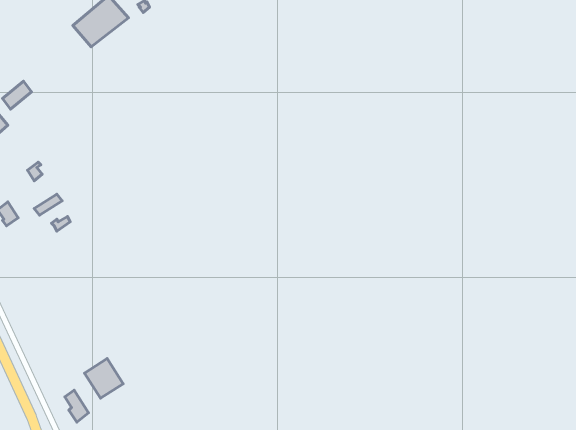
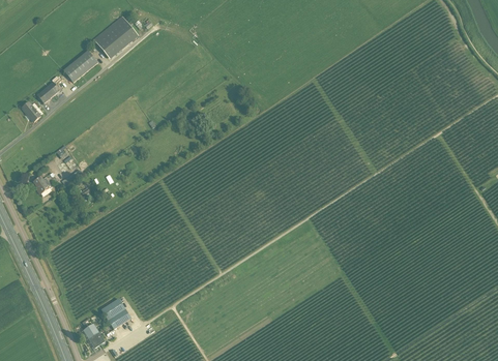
building: none -> [63,50,98,83]

